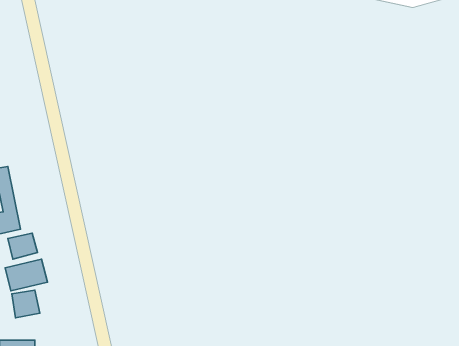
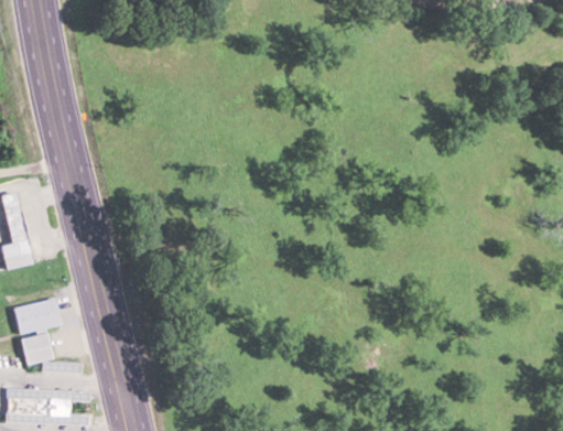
building: [8,233,38,259] -> none

